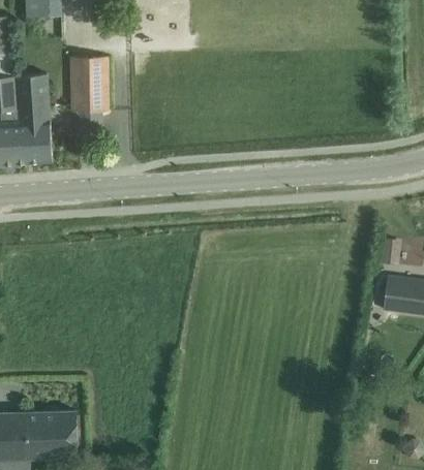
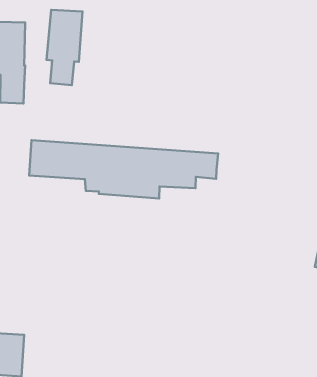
building: none -> [29,140,218,199]

